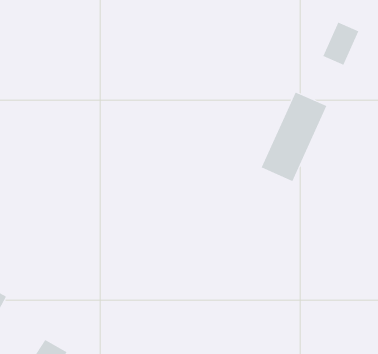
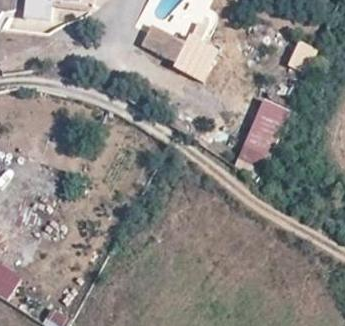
building: none -> [140,29,212,74]

